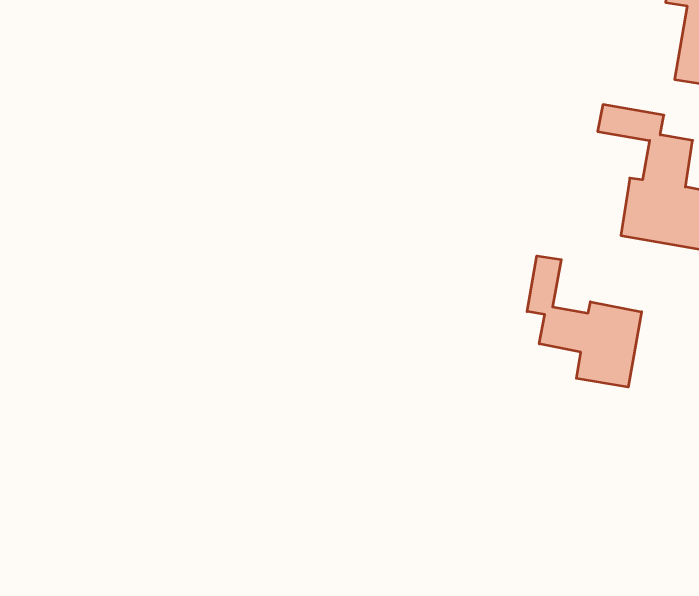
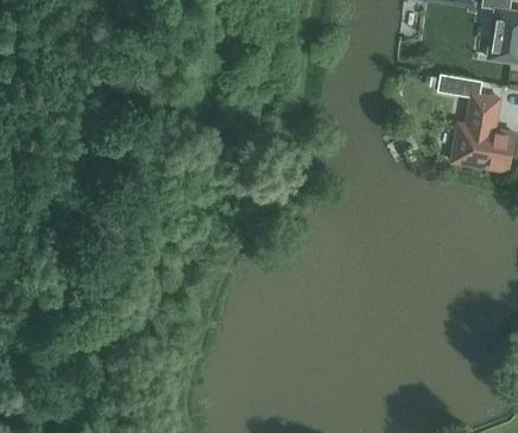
building: [527,256,642,387] -> none

